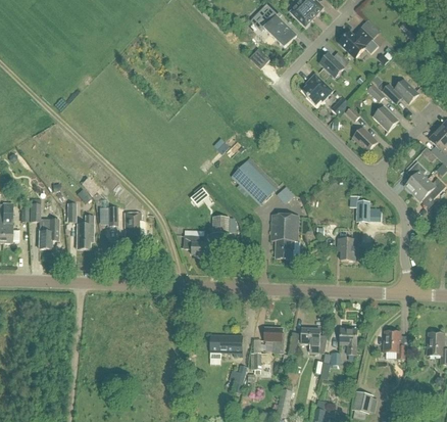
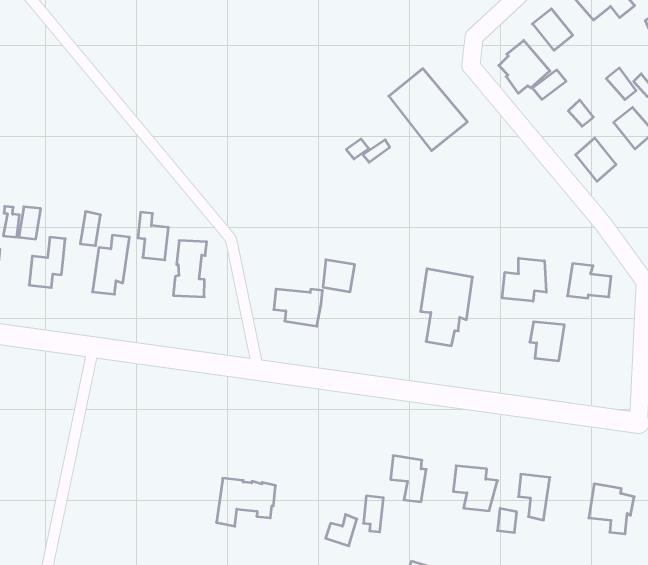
building: [231,156,279,204] -> [389,69,467,151]
building: none -> [502,258,546,301]
building: [210,333,243,361] -> [216,478,276,526]

